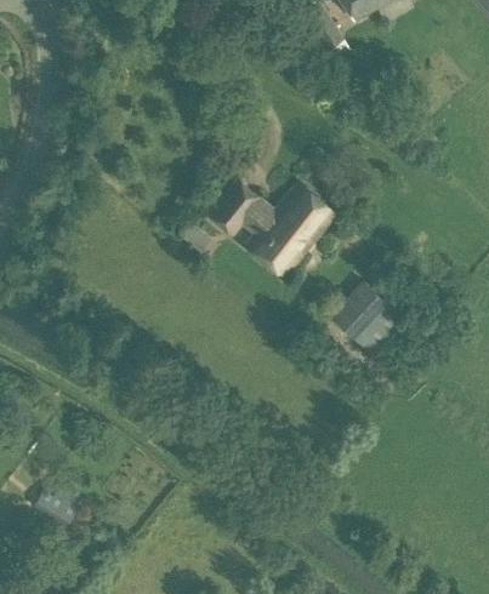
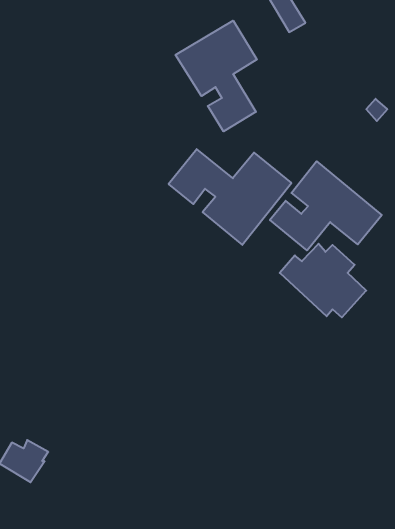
building: none -> [176,21,257,131]
building: none -> [270,161,382,250]

